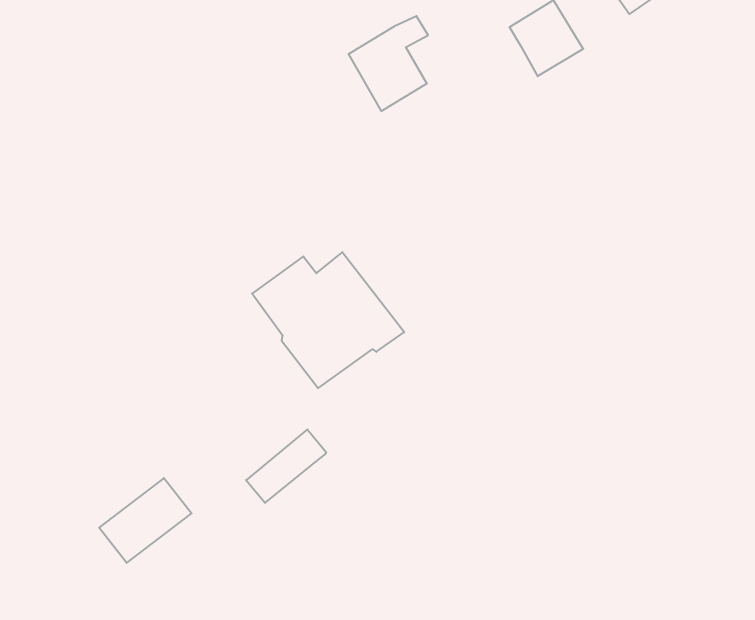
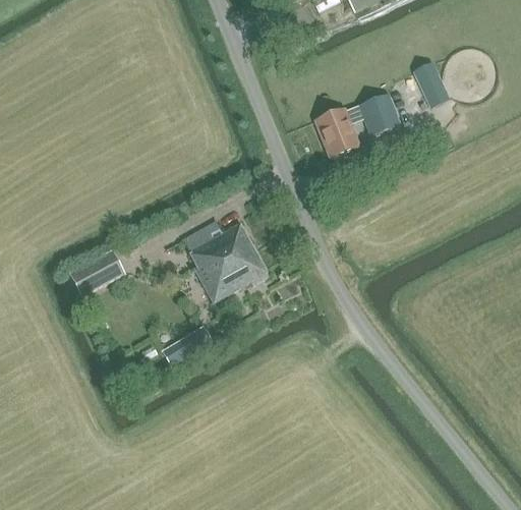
building: [348,16,428,111] -> [315,105,364,158]
building: [99,478,192,563] -> [69,249,125,296]

